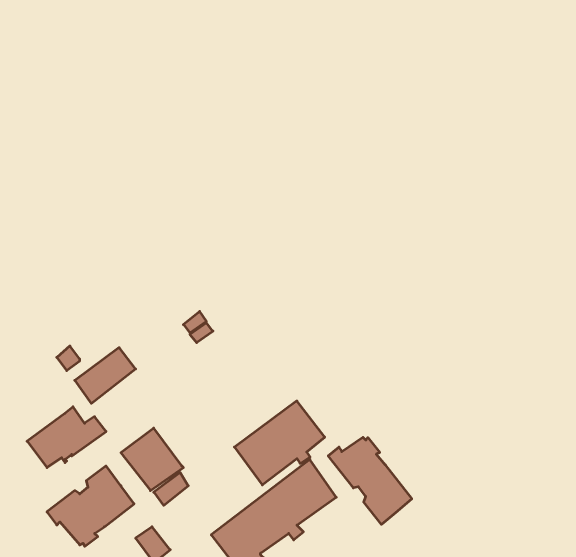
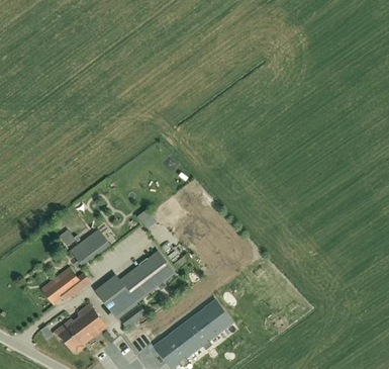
building: [234,401,325,485] -> [118,252,174,303]
building: [328,437,412,524] -> none

